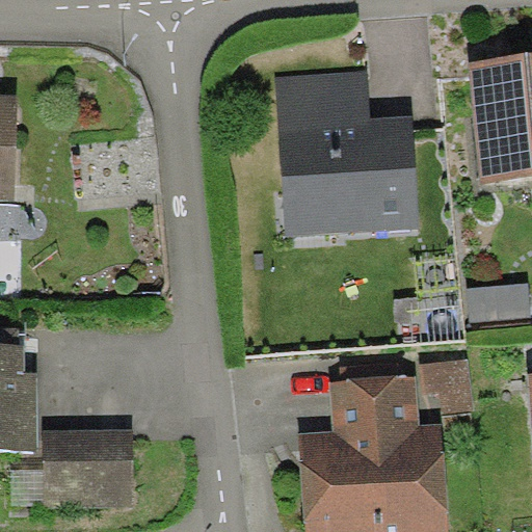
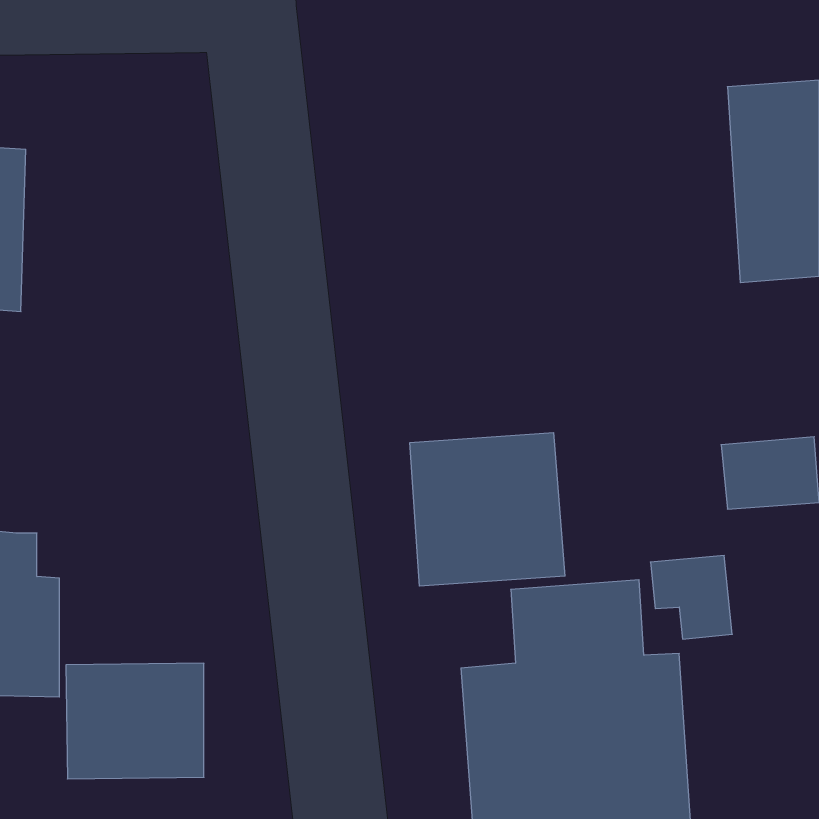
building: [275,71,420,237] -> none
building: none -> [410,433,565,586]

